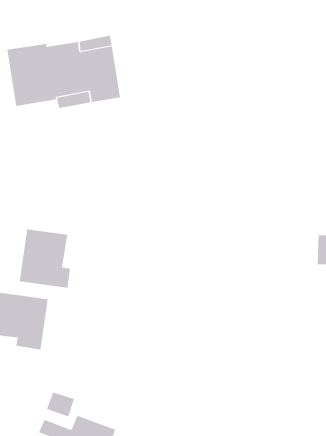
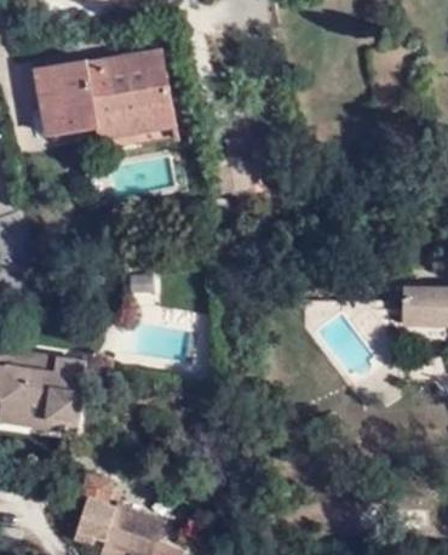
building: [19,229,70,289] -> none

